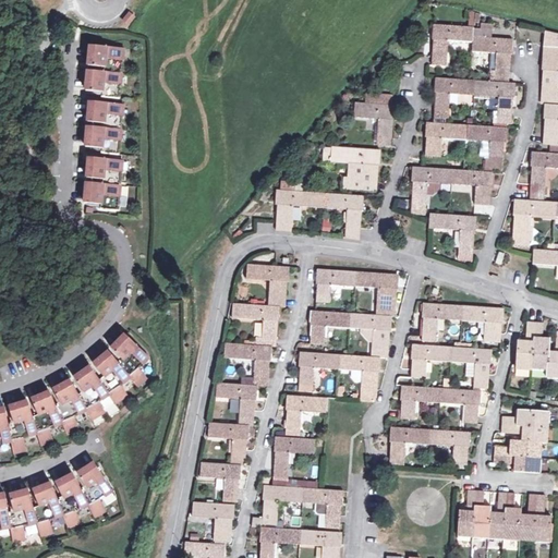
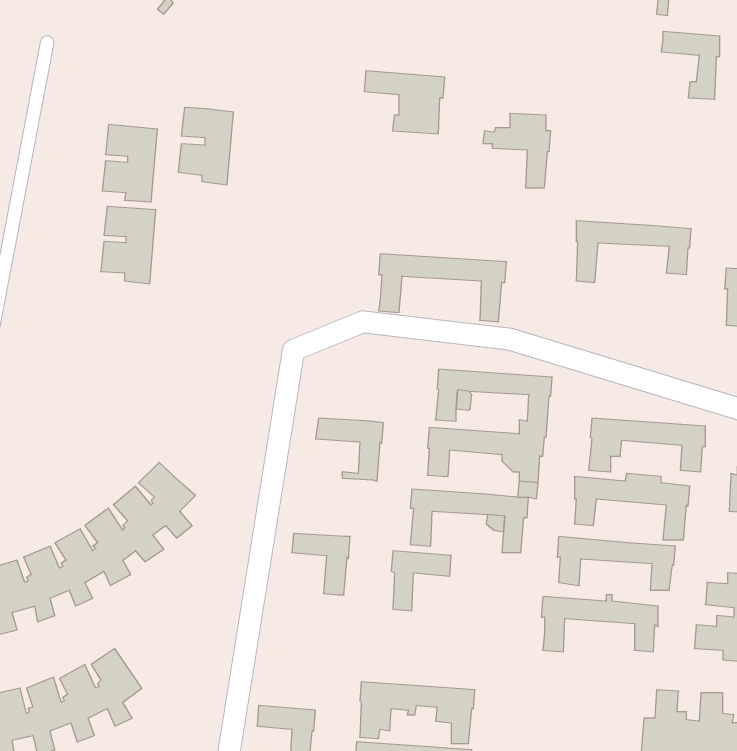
building: [432,24,473,64] -> none
building: [85,45,123,98] -> [178,107,233,185]
building: [434,77,514,123] -> none
building: [426,122,506,169] -> none
building: [324,146,379,190] -> [364,71,445,134]
building: [429,214,475,260] -> none
building: [247,257,288,306] -> none
building: [225,342,271,386] -> none
building: [208,422,247,457] -> none
building: [274,437,314,483] -> none
building: [201,462,240,500] -> none

